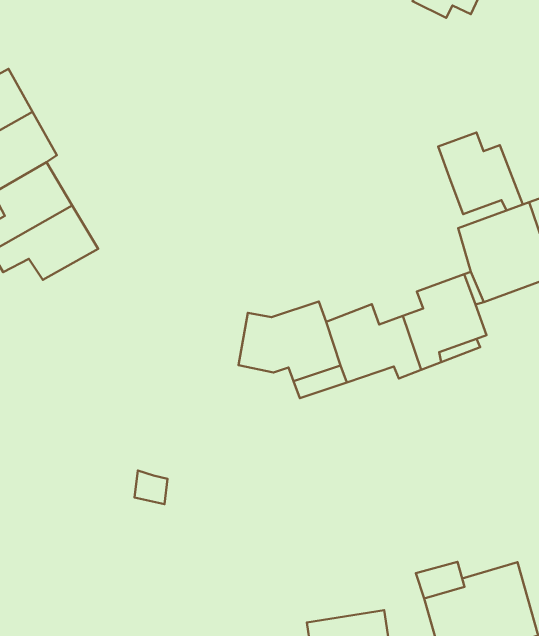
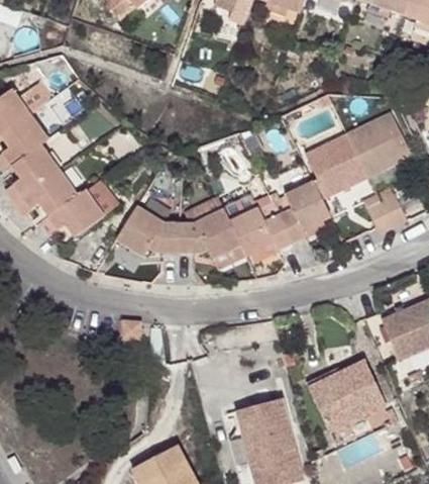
building: [438,132,523,214] -> none
building: none -> [40,187,105,234]
building: none -> [116,202,179,254]

